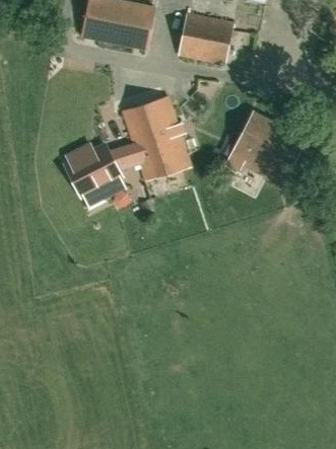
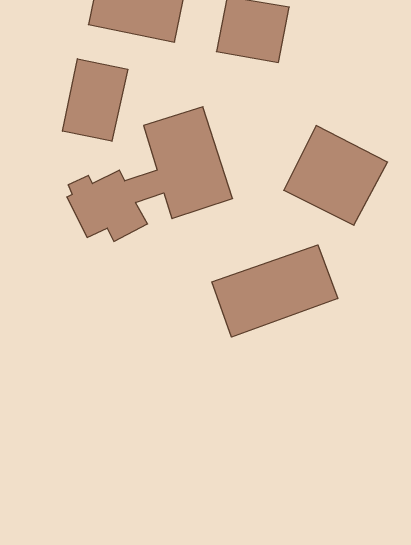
building: none -> [63,59,128,141]
building: none -> [212,245,338,337]

